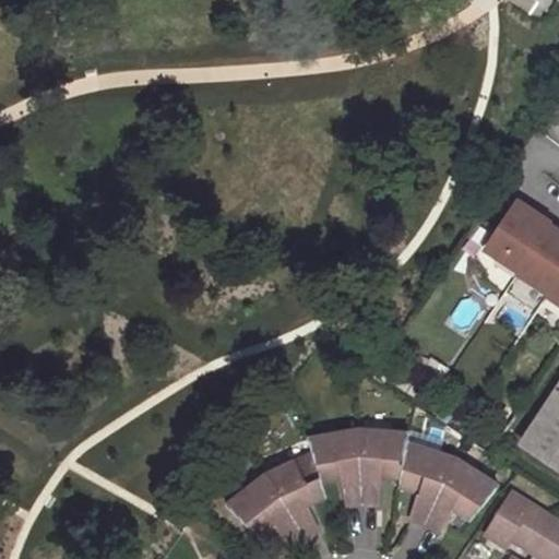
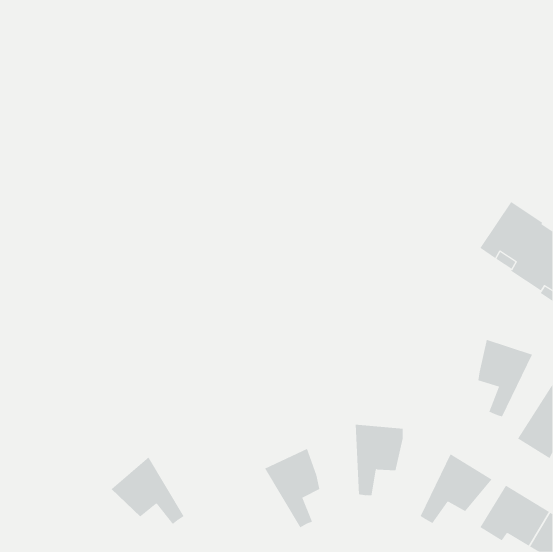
building: [307,428,361,501] -> none
building: [399,442,454,521] -> [478,339,533,417]
building: [228,473,302,542] -> [111,457,184,525]

